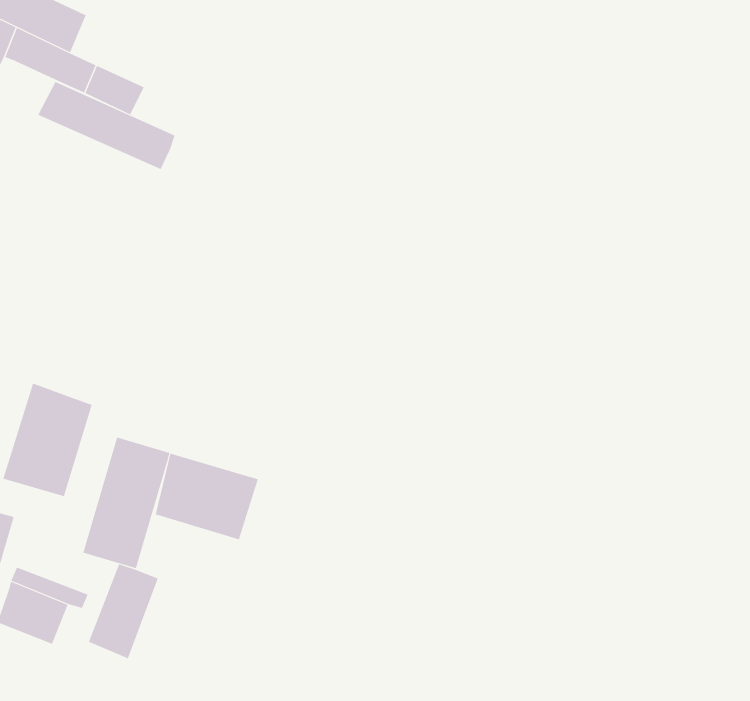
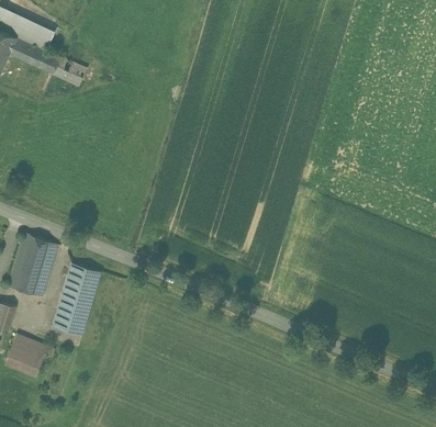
building: [38,81,175,170] -> none
building: [155,453,258,540] -> none
building: [88,564,158,659] -> none

